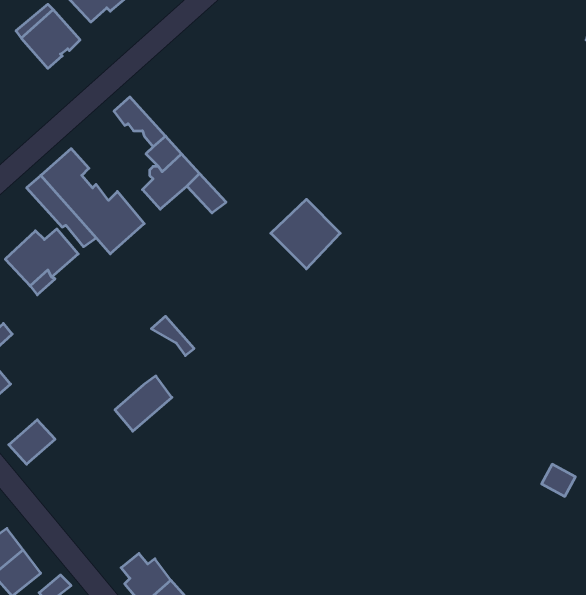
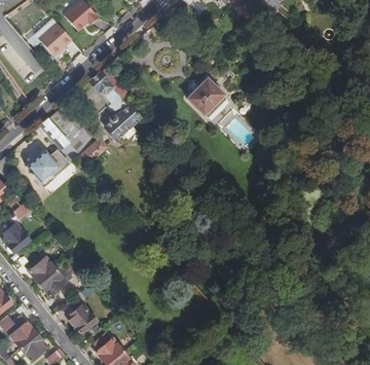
building: [271,199,340,269] -> [187,76,227,116]
building: [115,376,172,431] -> [39,264,72,296]
building: none -> [69,303,97,334]

